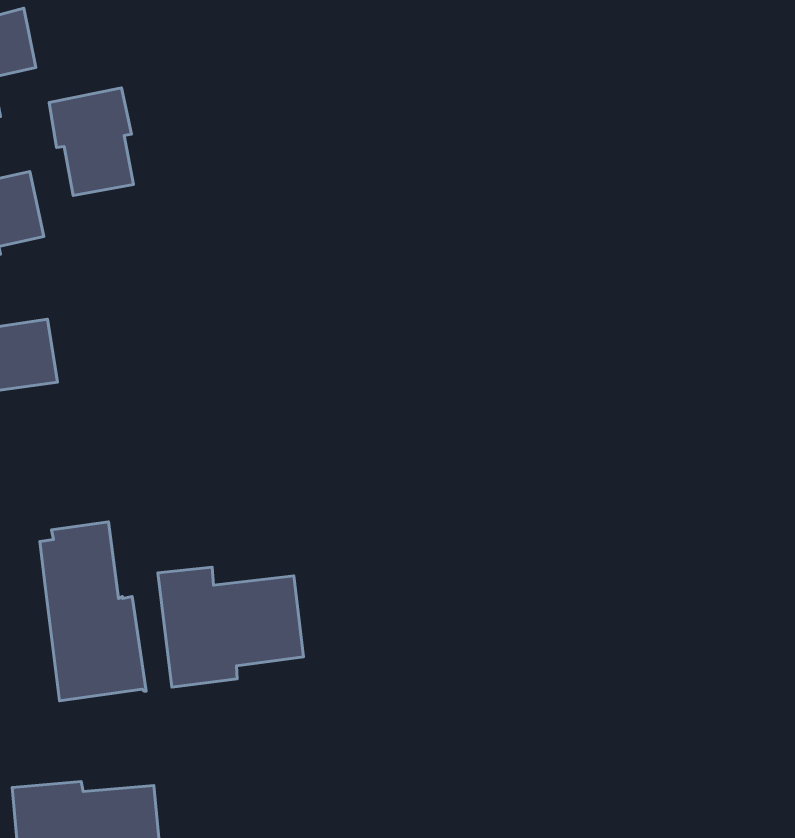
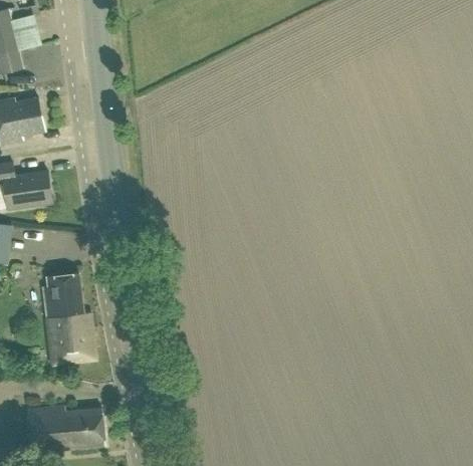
building: [49,88,133,196] -> none
building: [158,567,304,687] -> none

